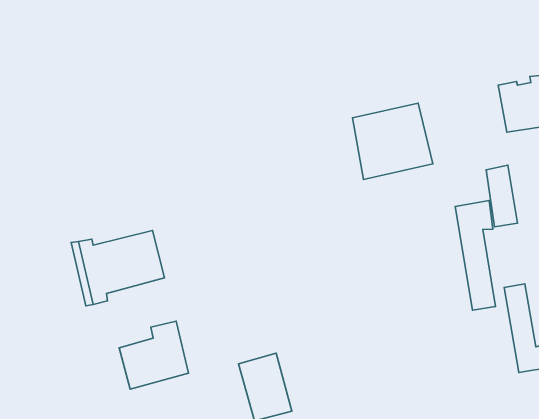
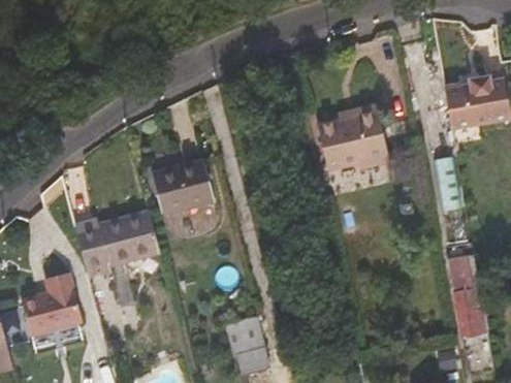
building: none -> [153,160,215,213]
building: [455,201,496,310] -> none
building: [119,321,188,389] -> [26,281,85,339]

